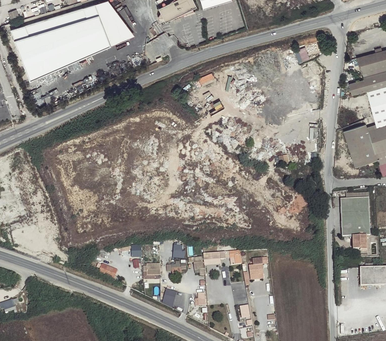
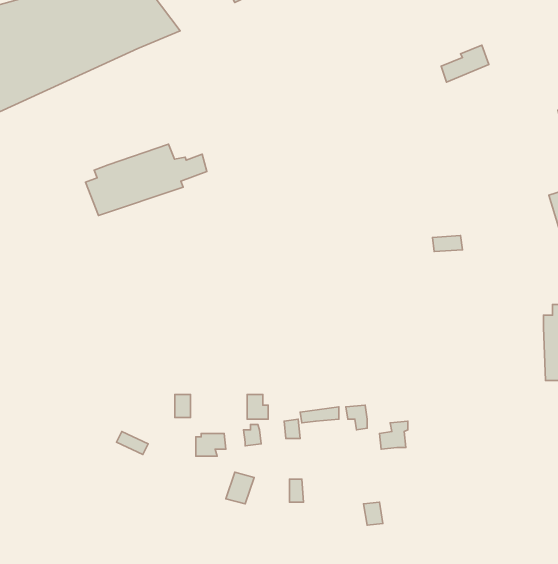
building: none -> [85,144,207,216]

